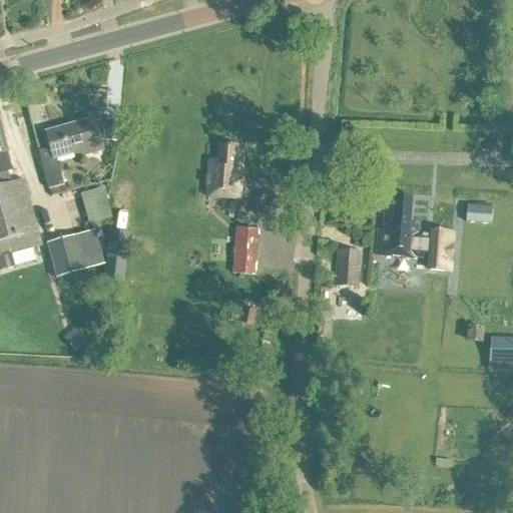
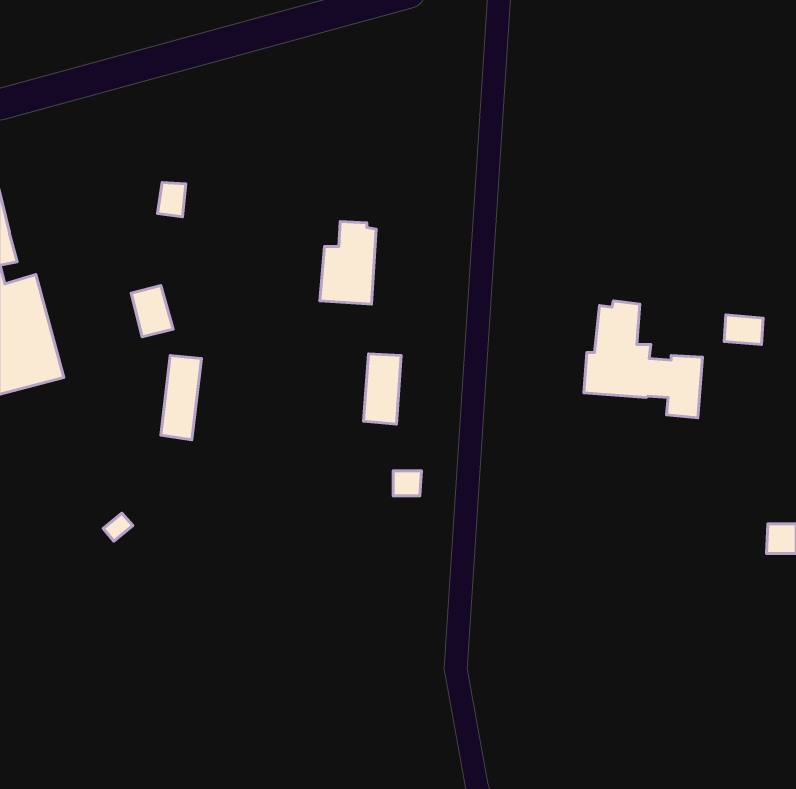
building: [37,116,101,186] -> none
building: [45,231,99,277] -> none
building: [335,247,359,280] -> none

